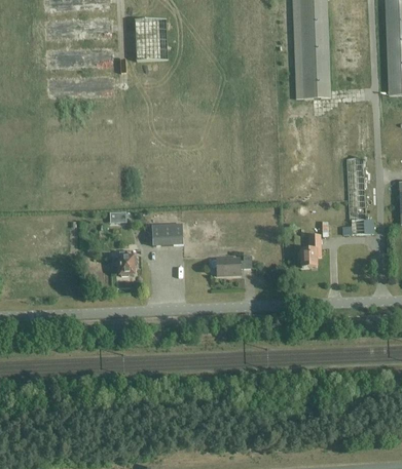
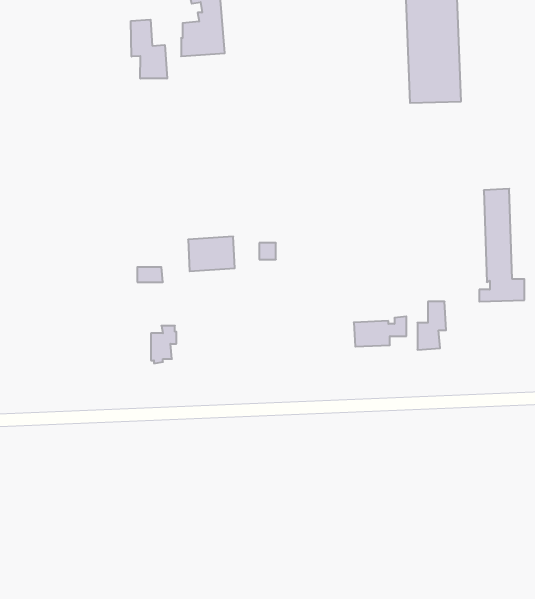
building: none -> [131,20,167,79]
building: [152,222,184,245] -> [188,237,235,271]
building: [216,255,252,275] -> [354,316,406,347]

